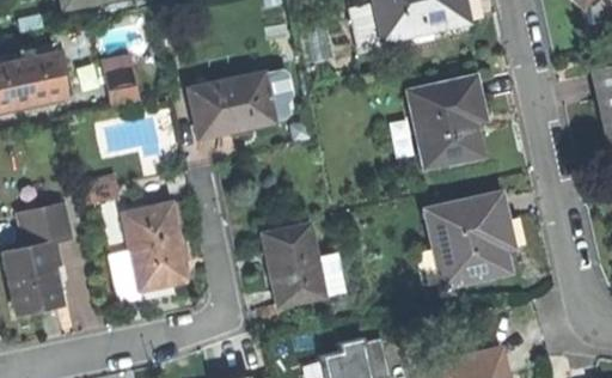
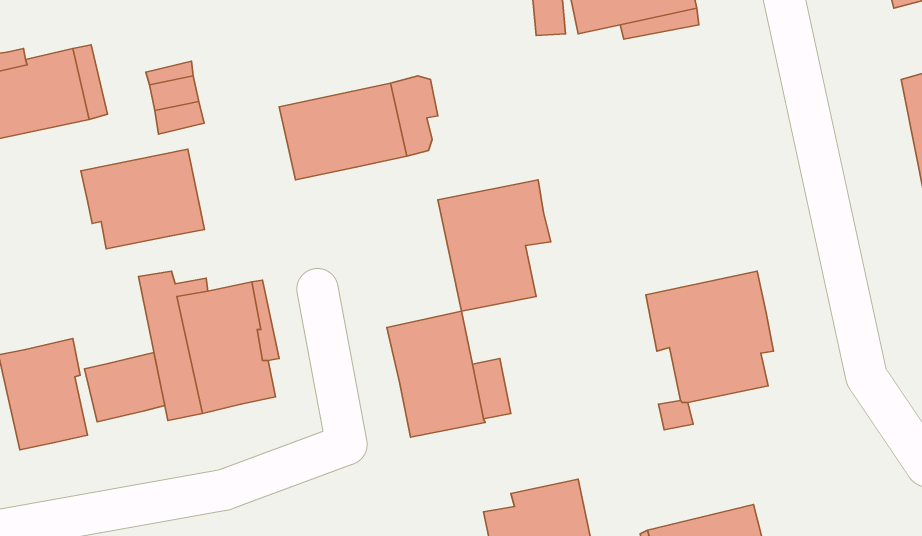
building: [410,80,484,166] -> [438,180,551,311]
building: none -> [81,149,204,249]
building: [13,202,66,248] -> [84,353,165,422]

